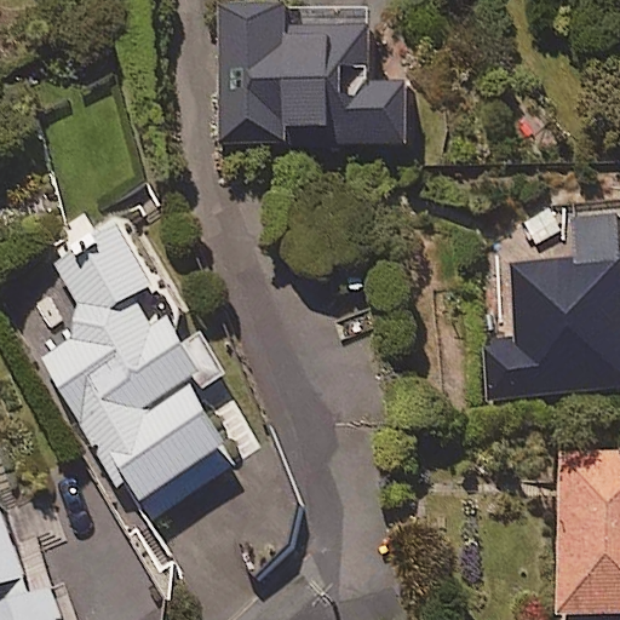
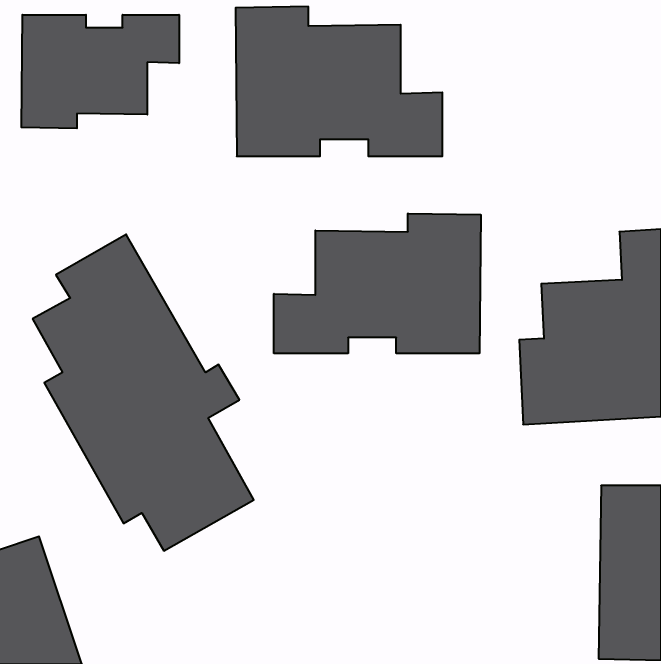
building: none -> [21,15,179,128]
building: none -> [274,213,481,353]

